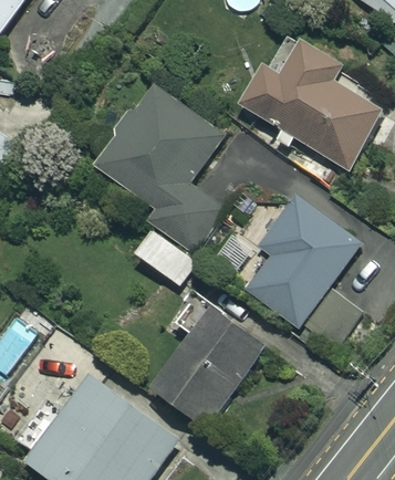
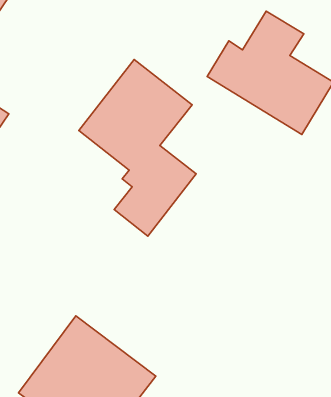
building: [246,196,357,325] -> none
building: [153,292,266,425] -> none

